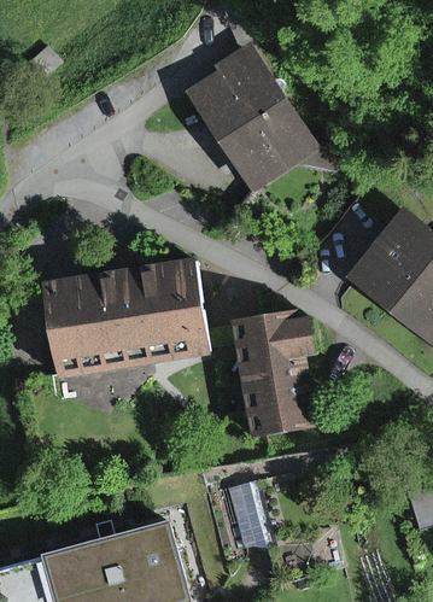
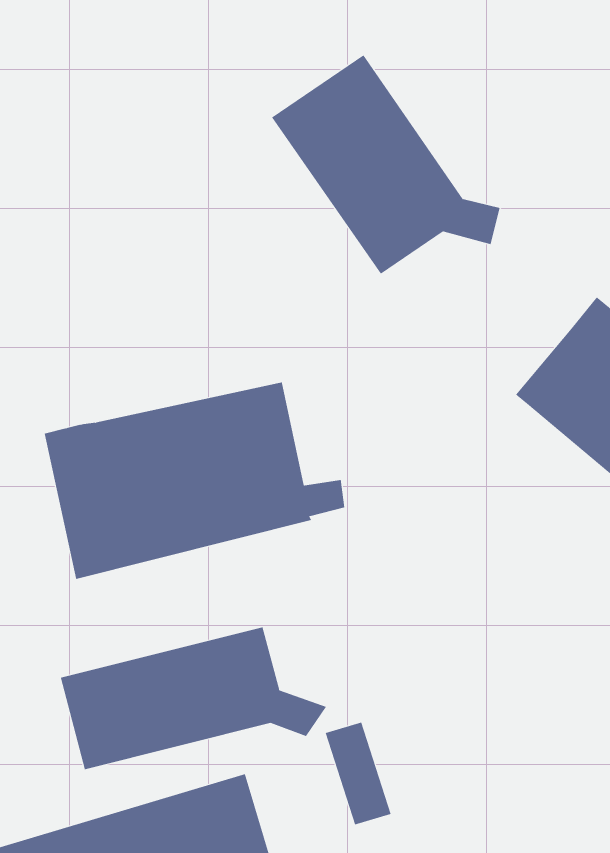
building: [230,309,321,437] -> none
building: none -> [60,627,327,770]

